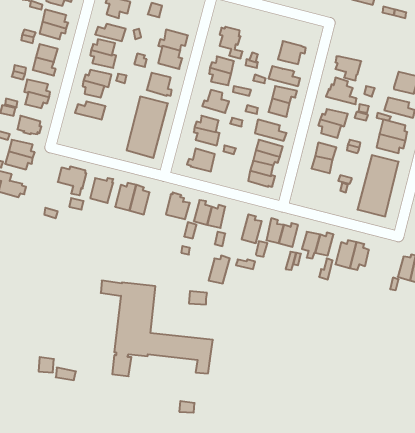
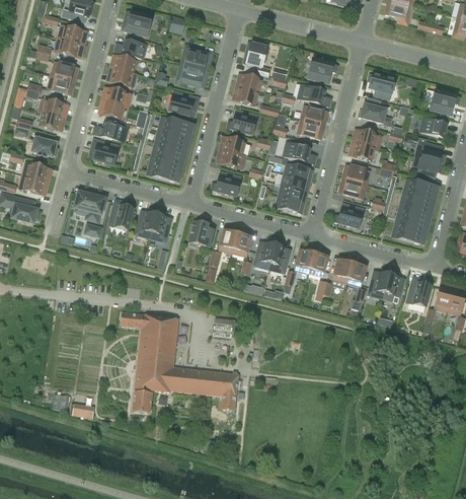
building: none -> [88,140,119,164]
building: none -> [333,204,363,227]
building: none -> [406,280,431,306]
building: [209,256,230,283] -> [253,238,276,268]

